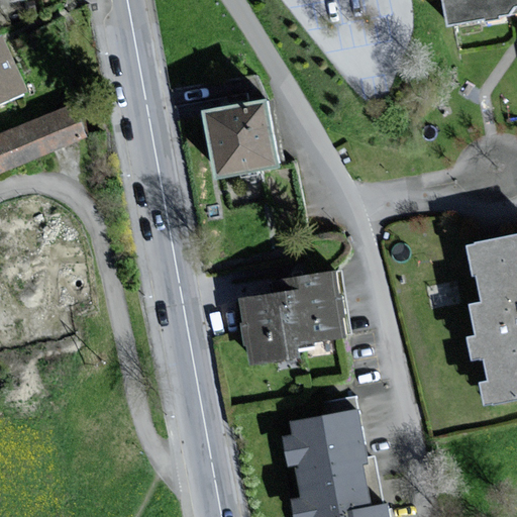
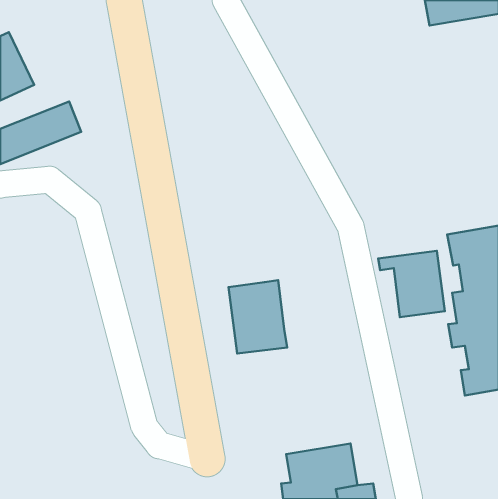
building: [199,97,276,175] -> none
building: [273,272,341,340] -> [378,251,445,317]
building: [282,409,364,470] -> none

